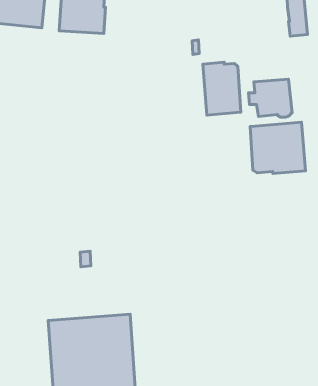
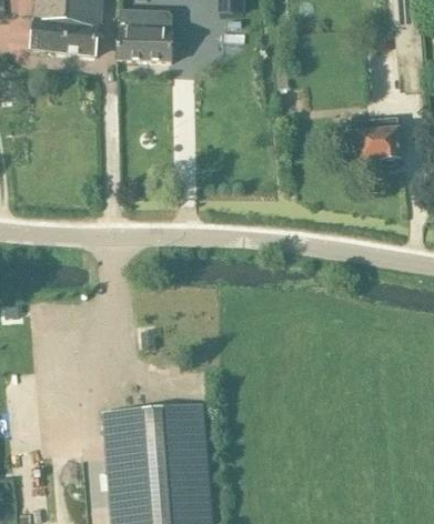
building: [203,62,241,115] -> none
building: [250,122,305,174] -> none

